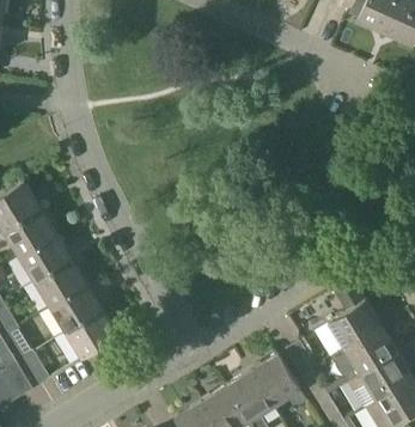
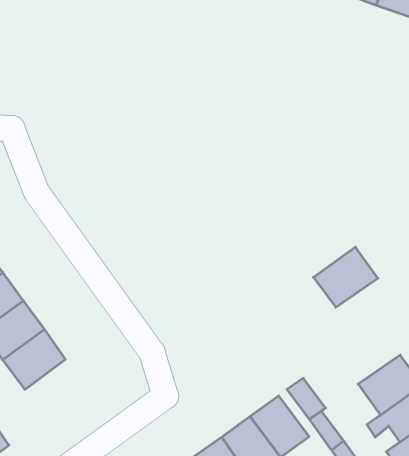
building: [326,300,380,349] -> [313,247,378,307]
building: [65,310,116,358] -> none

